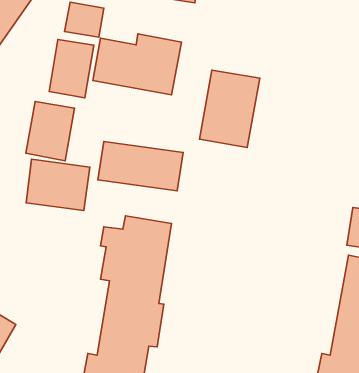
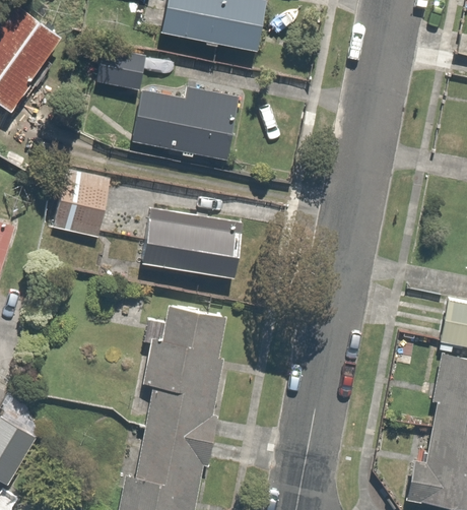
building: [49,39,94,98] -> none
building: [199,70,260,147] -> none
building: [26,159,90,211] -> none

